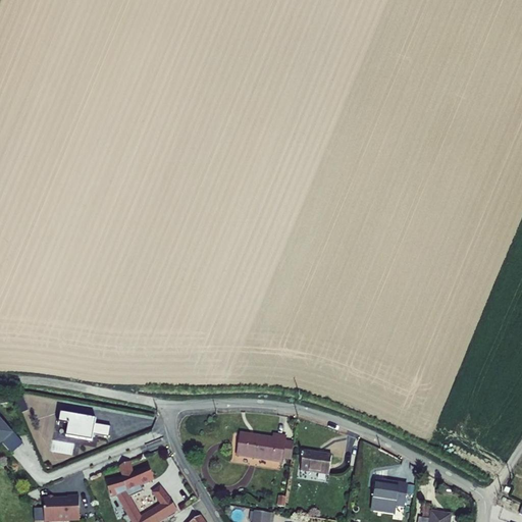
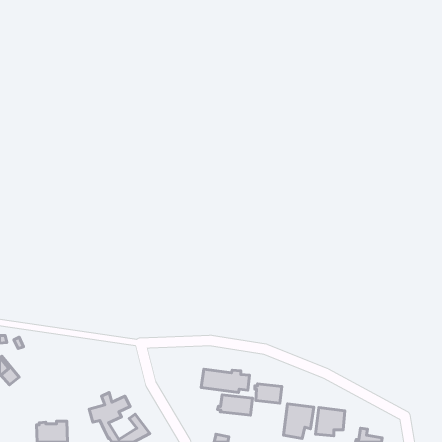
building: [58,410,107,440] -> none
building: none -> [218,395,252,415]
building: none -> [284,404,314,439]

